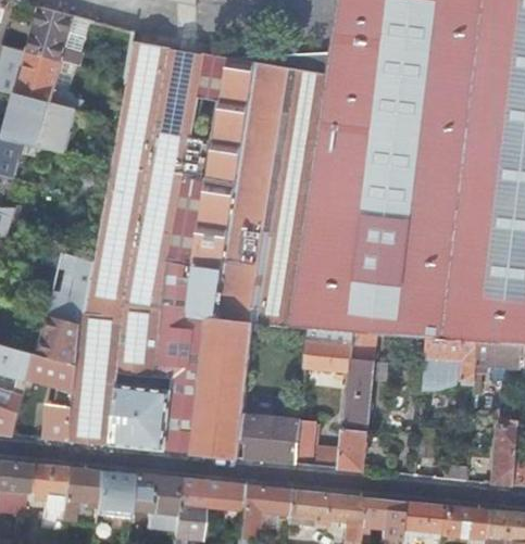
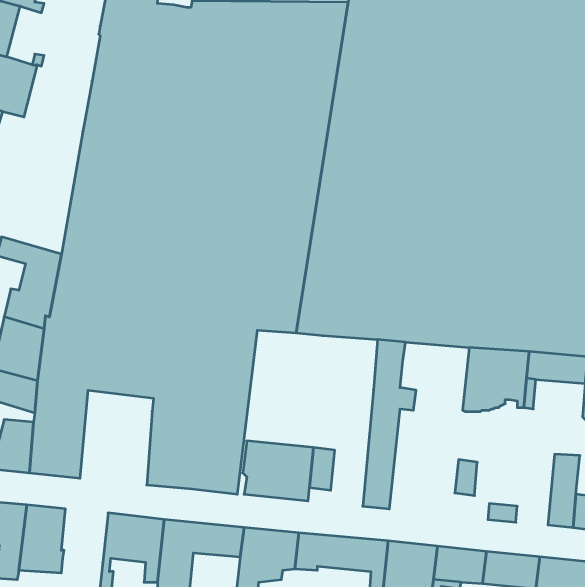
building: [305,329,353,374] -> none
building: [111,385,170,451] -> none
building: [96,470,134,514] -> none

